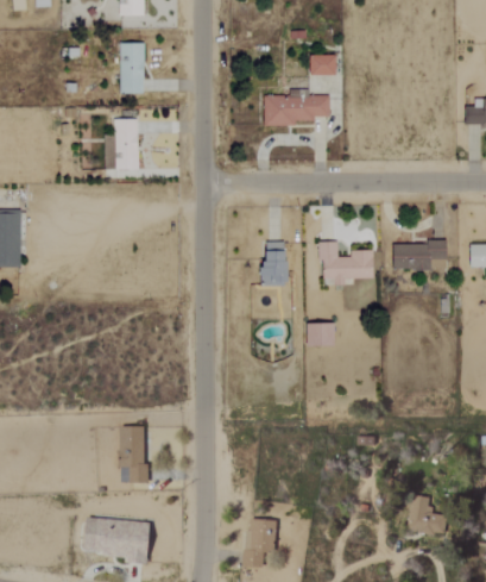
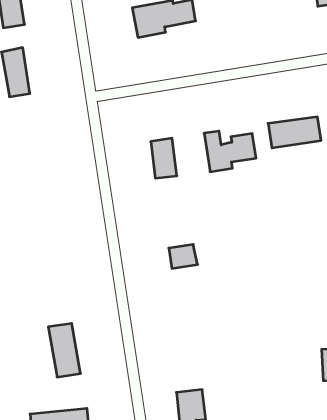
building: [305,323,334,345] -> [169,244,198,268]

